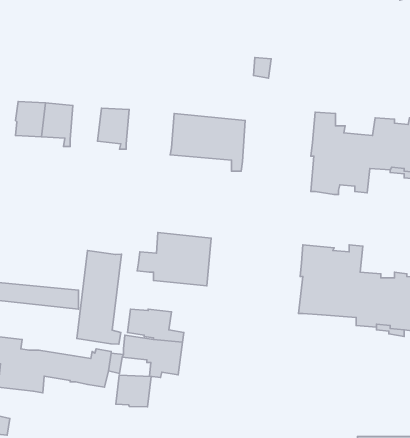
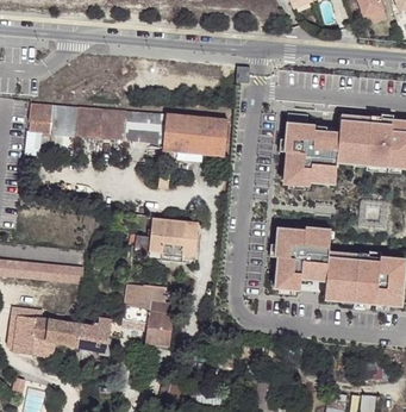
building: none -> [76,106,104,143]
building: none -> [125,110,167,146]
building: [77,250,121,344] -> none
building: [116,375,151,407] -> none

